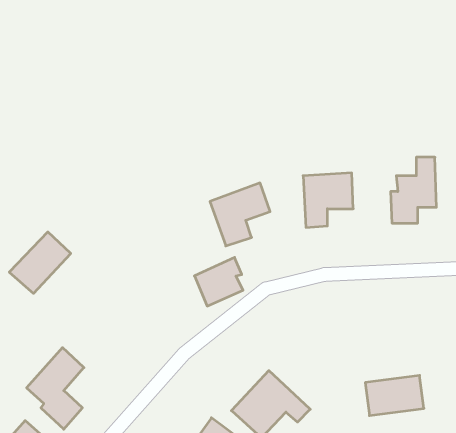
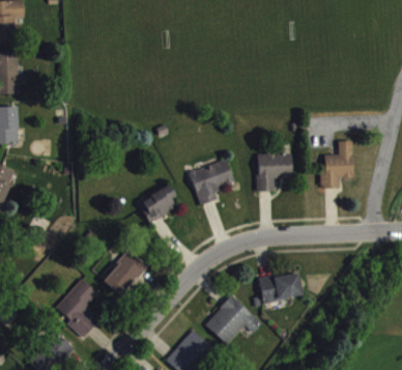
building: [9,232,71,293] -> [102,251,146,295]
building: [194,257,243,306] -> [141,184,176,220]
building: [365,375,424,416] -> [259,273,302,302]

